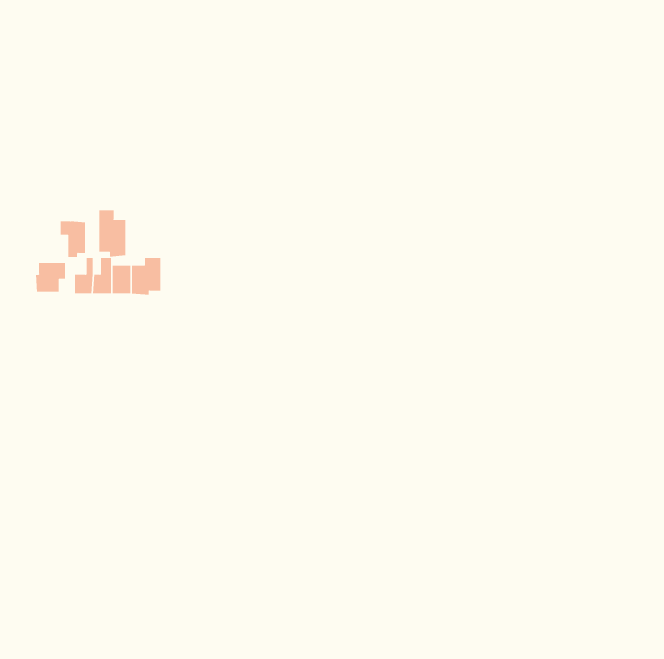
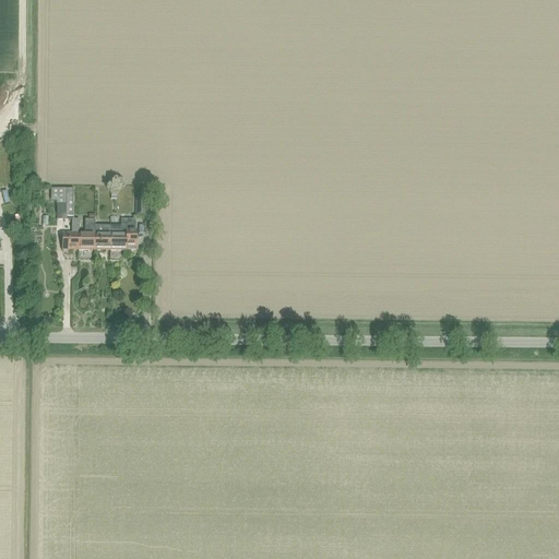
building: [99,209,126,257] -> none
building: [36,262,65,293] -> none

